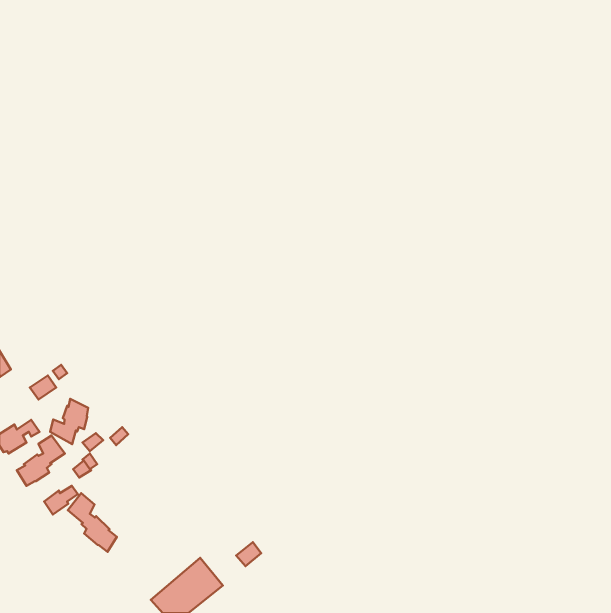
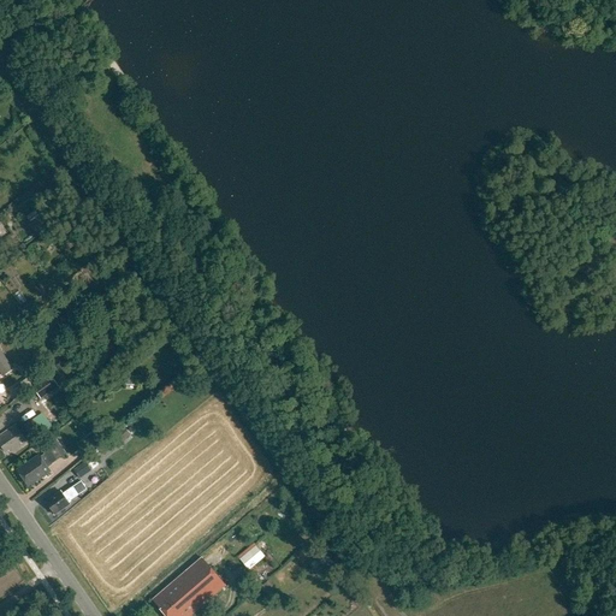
building: [50,399,88,444] -> none
building: [68,493,117,552] -> none

